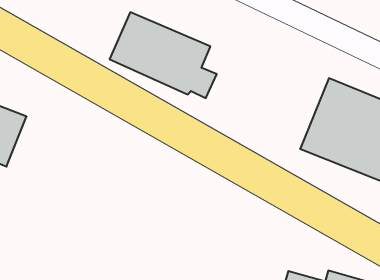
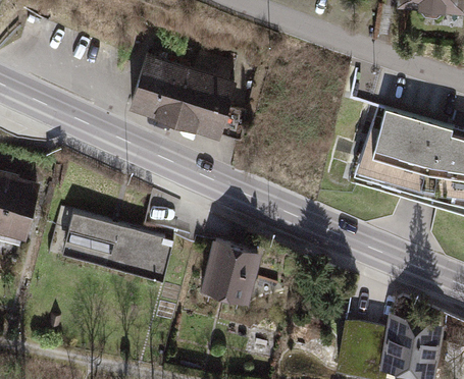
building: none -> [61,224,155,278]
building: none -> [204,239,260,301]

